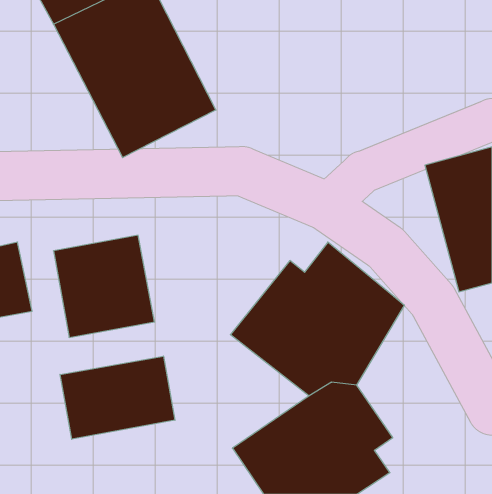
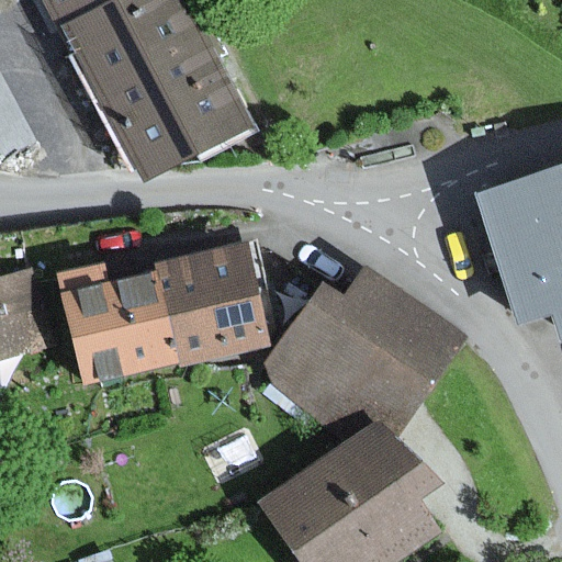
building: none -> [156,249,268,363]
building: [60,356,175,439] -> none

